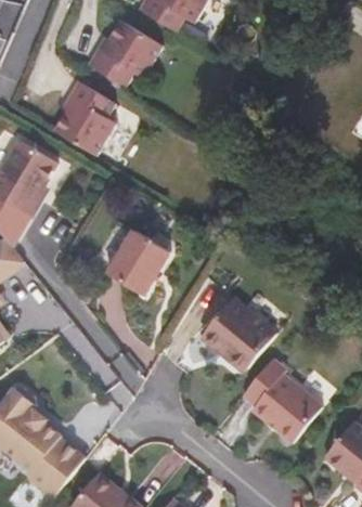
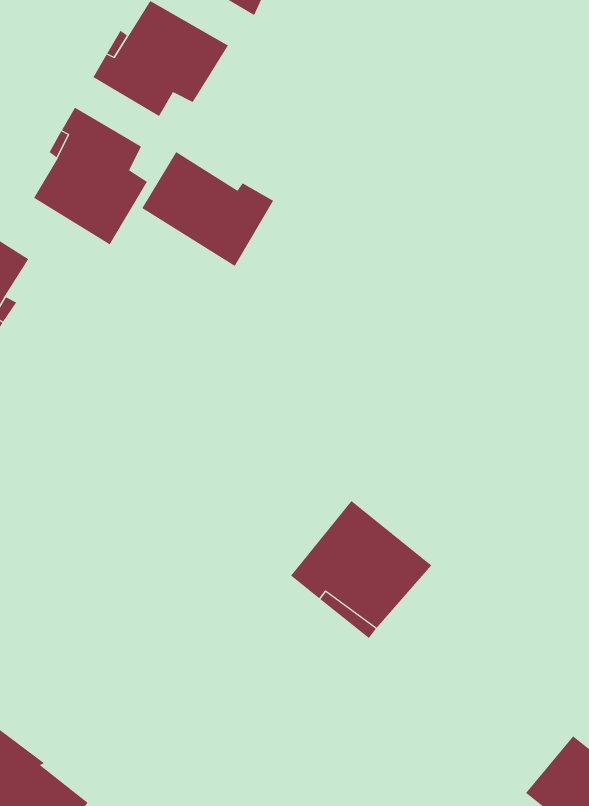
building: none -> [141,151,274,267]
building: [105,231,168,296] -> none
building: [242,355,321,439] -> none

